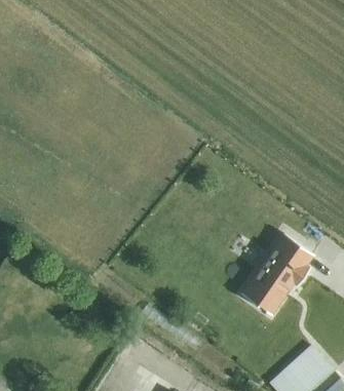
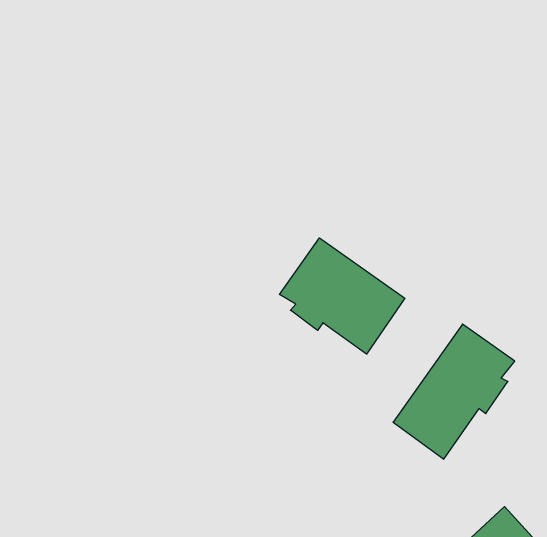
building: none -> [280,238,405,354]

